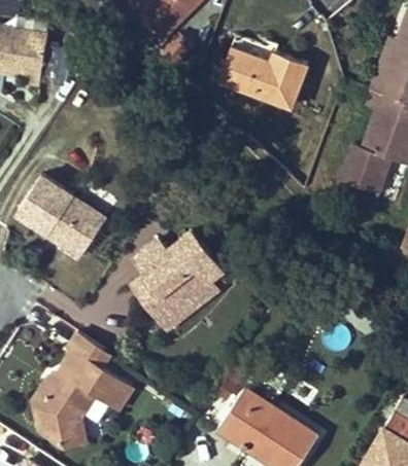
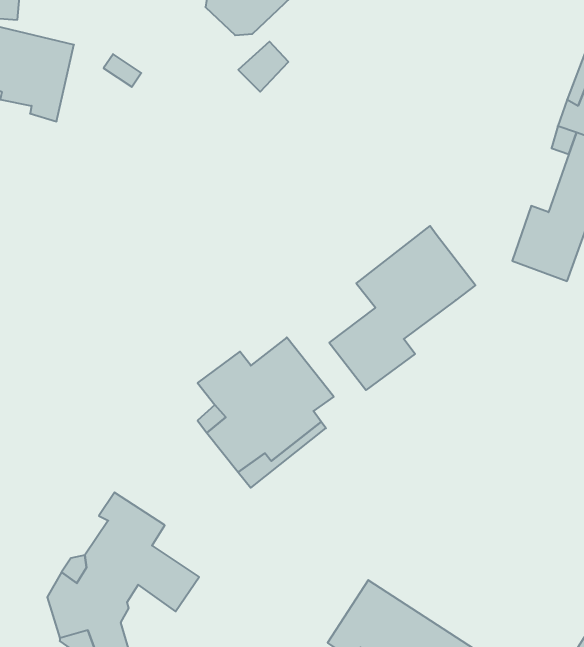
building: [219,47,308,109] -> none
building: none -> [329,226,475,390]
building: [15,174,106,254] -> none

